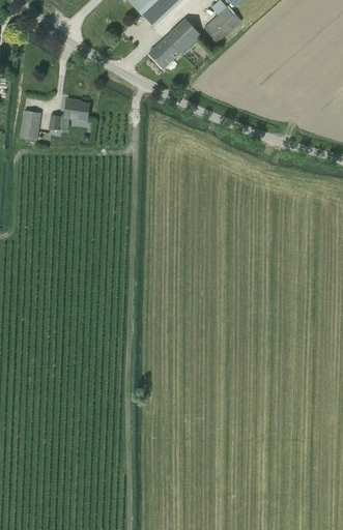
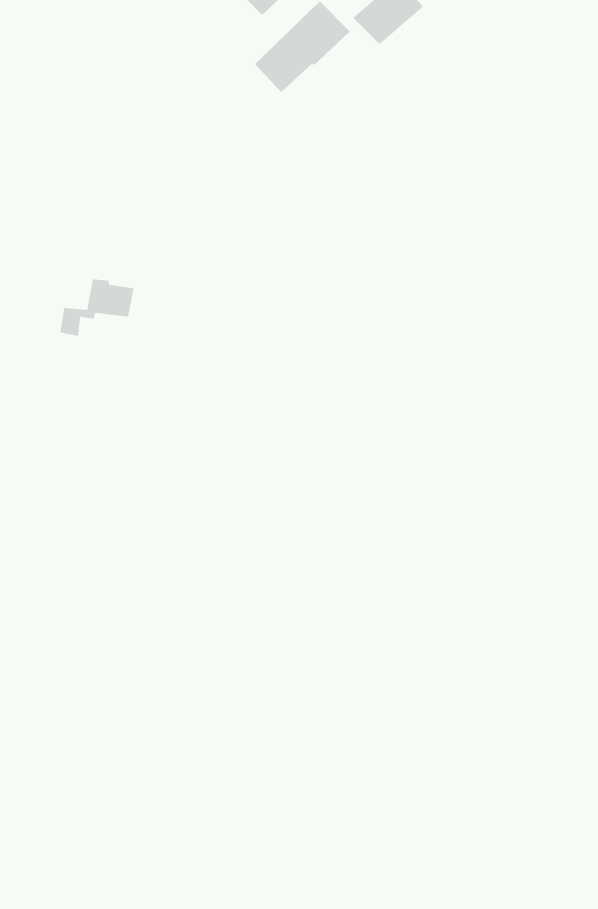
building: [49,98,89,129] -> [60,279,135,336]
building: [20,110,40,139] -> none

